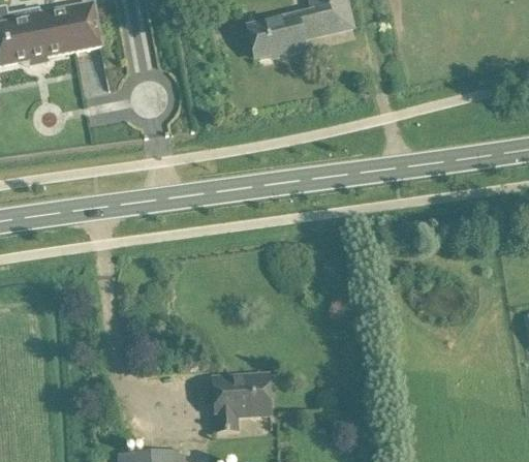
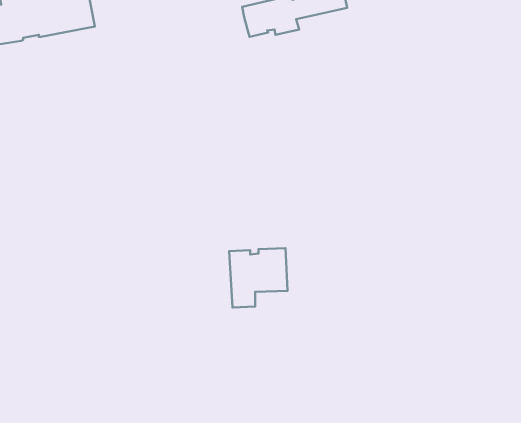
building: [213,373,271,432] -> [229,248,287,307]

